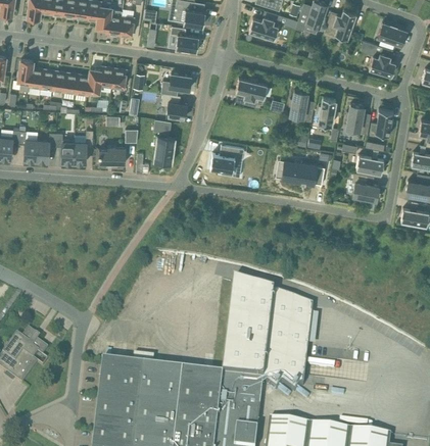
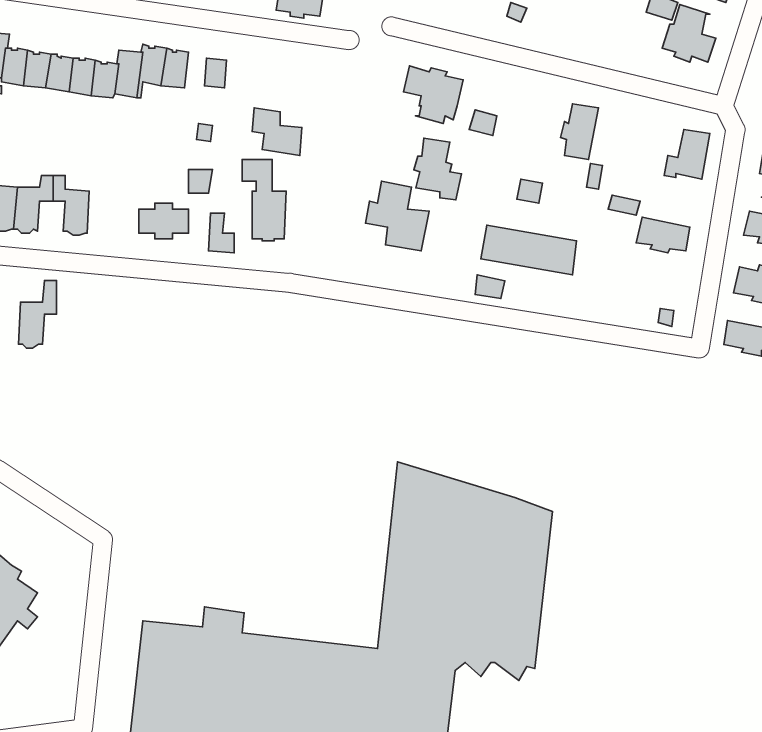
building: [159,76,188,98] -> none
building: [289,89,314,120] -> [414,138,462,200]
building: [345,103,370,134] -> none
building: [74,130,93,164] -> [19,280,56,348]
building: [352,172,379,198] -> none

